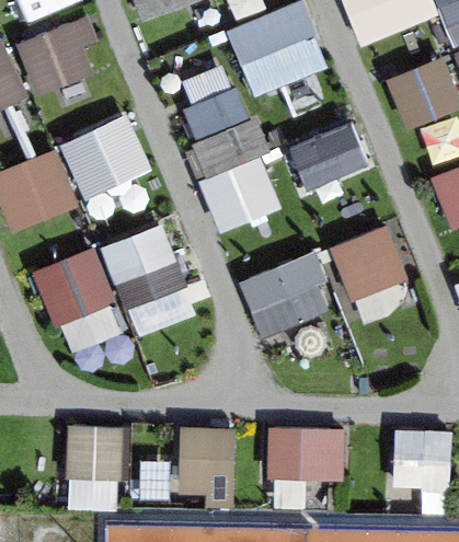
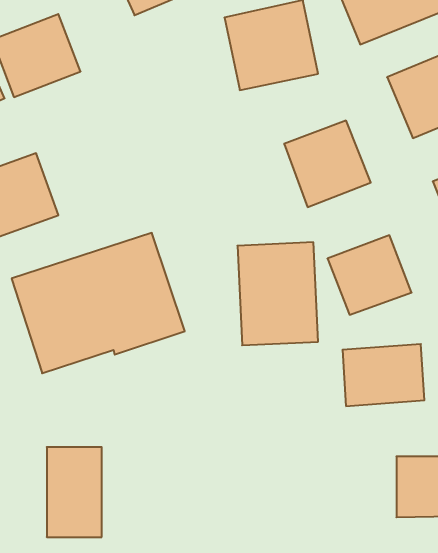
building: [182,74,274,232] -> none
building: [59,114,154,203] -> none
building: [267,423,344,481] -> [342,344,424,406]
building: [176,427,233,500] -> none

